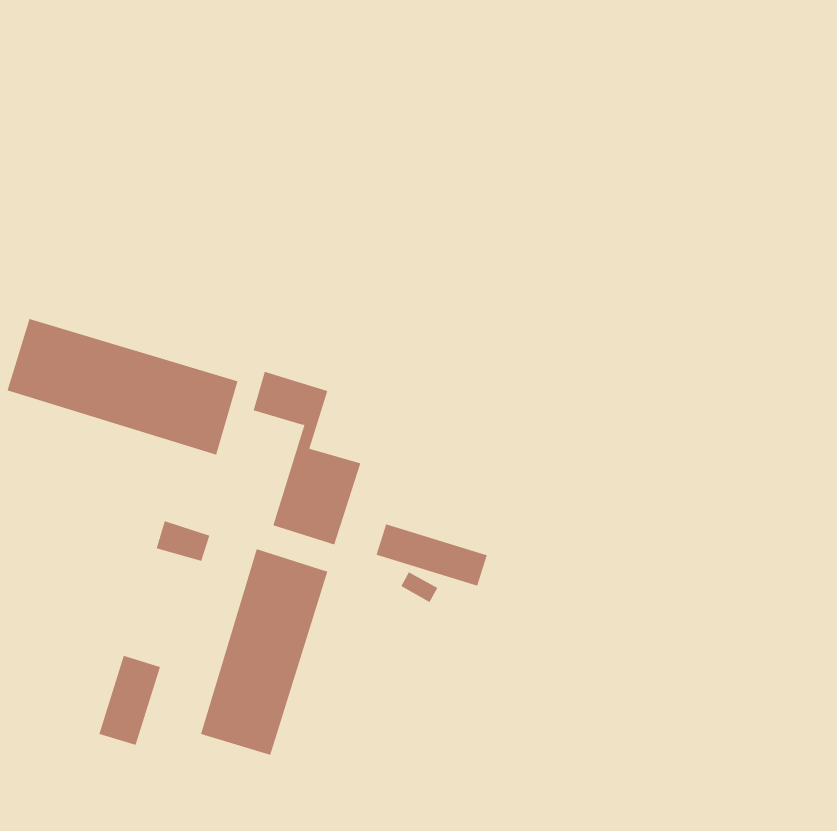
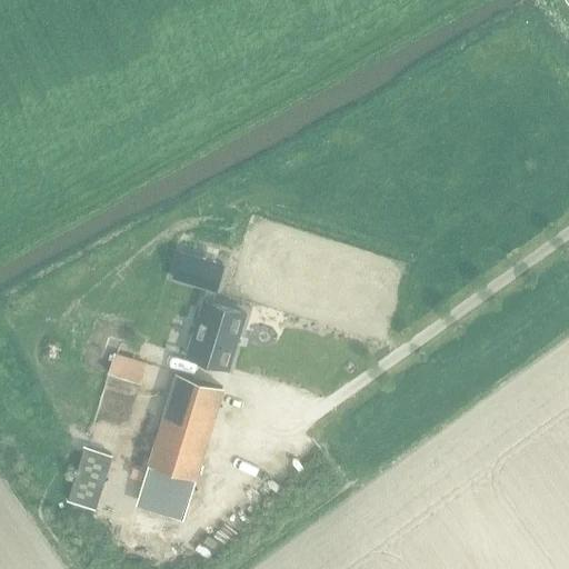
building: [7,318,238,456] -> none
building: [376,524,488,587] -> none

